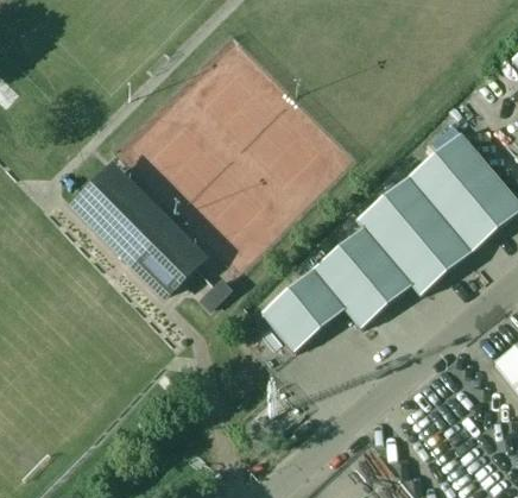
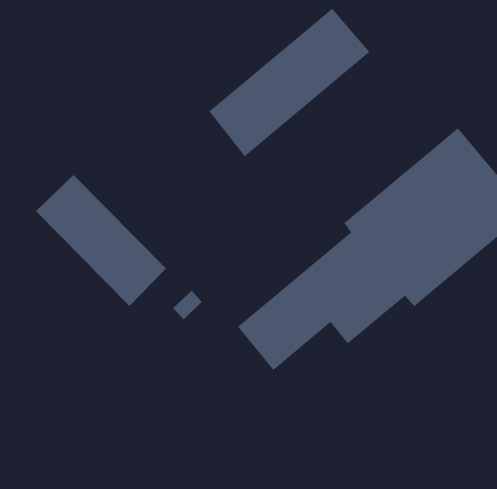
building: none -> [209,8,370,157]

